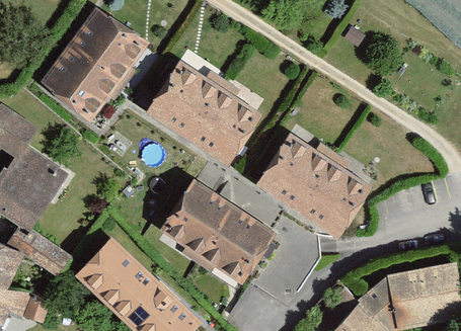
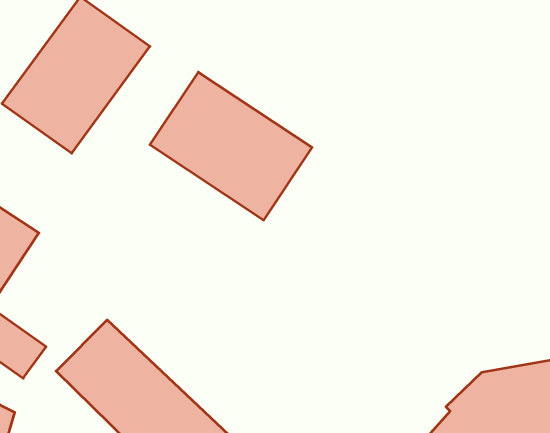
building: [252,134,369,240] -> none
building: [157,178,276,284] -> none

